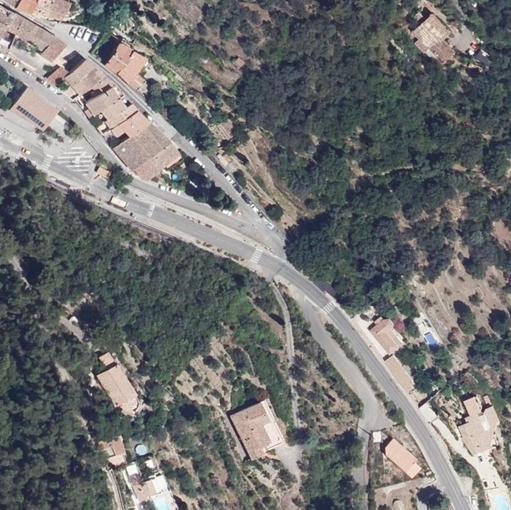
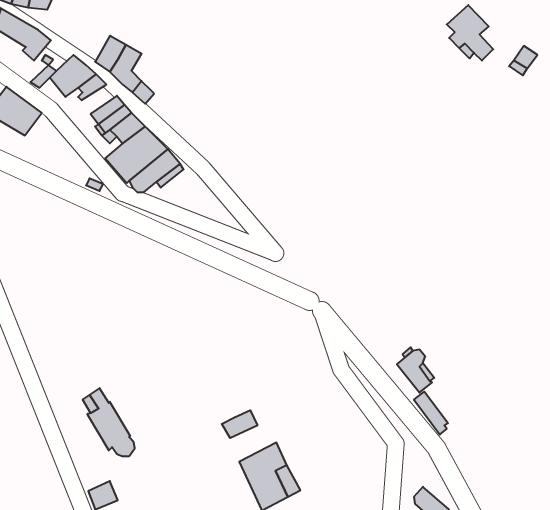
building: [84,84,123,119] -> none
building: none -> [222,410,257,438]
building: [460,396,499,455] -> none

